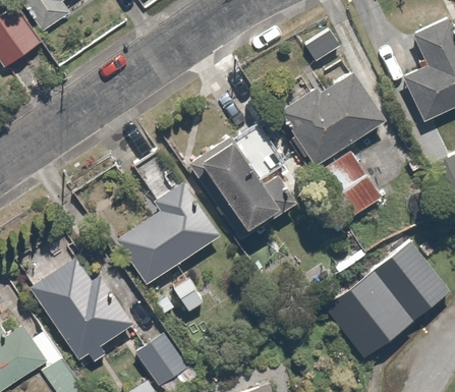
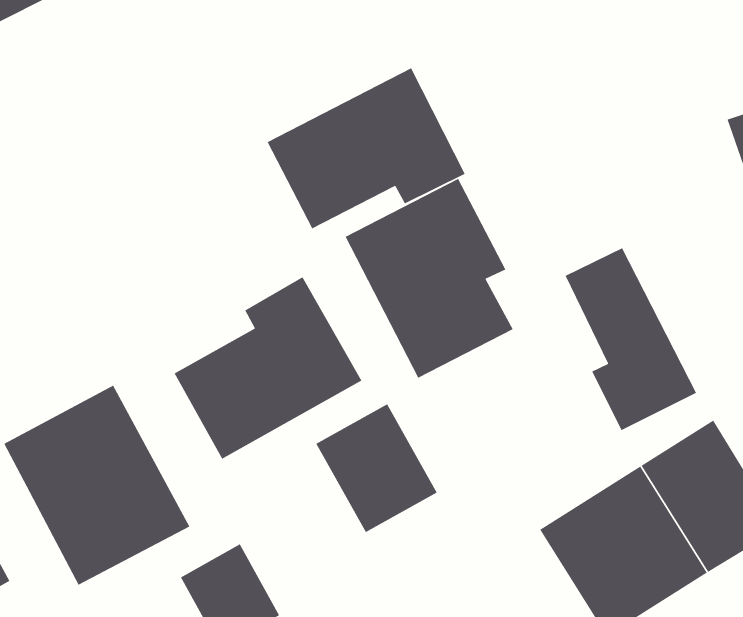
building: none -> [267,67,466,229]
building: [284,78,381,161] -> none
building: none -> [315,403,438,533]

